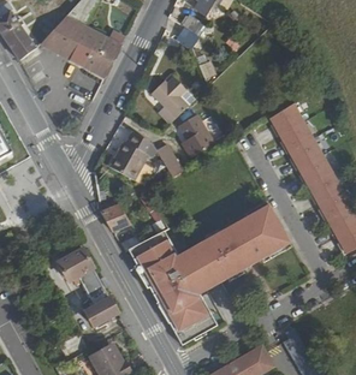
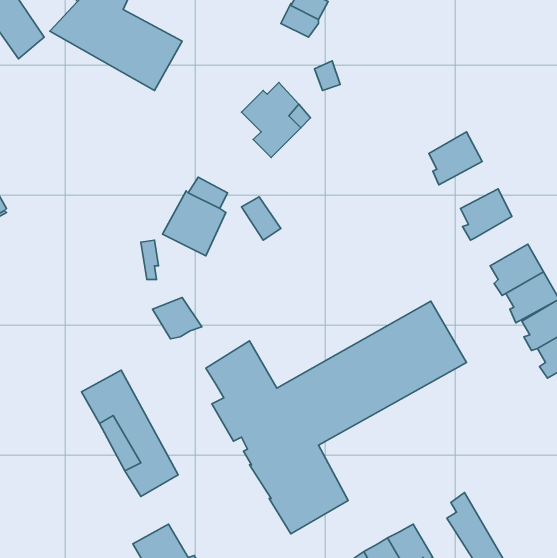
building: [179,111,215,154] -> none
building: [279,120,312,151] -> none
building: [297,154,330,185] -> none

